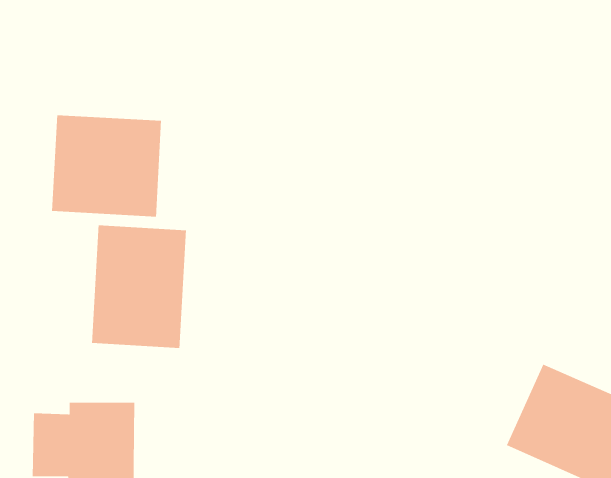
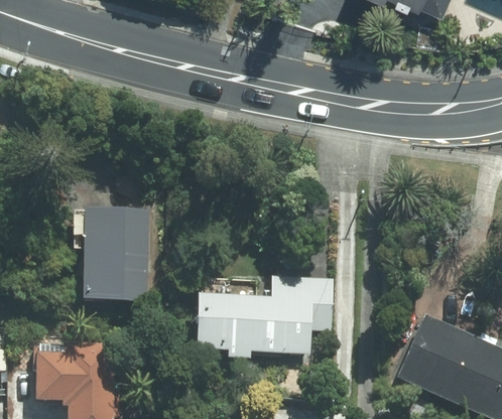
building: [51,114,162,217] -> none
building: none -> [197,274,339,357]

